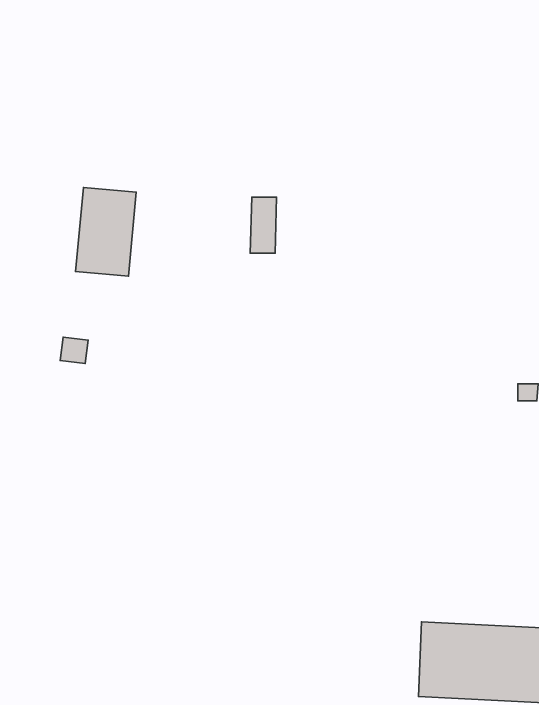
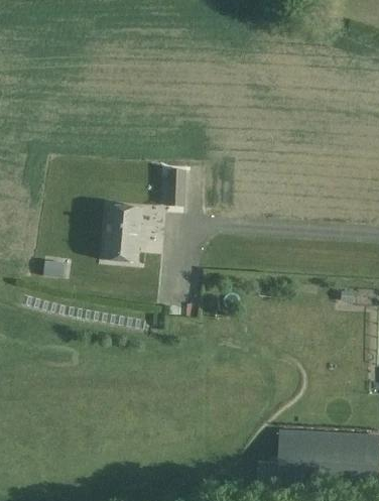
building: [76,187,136,276] -> [102,198,141,255]

